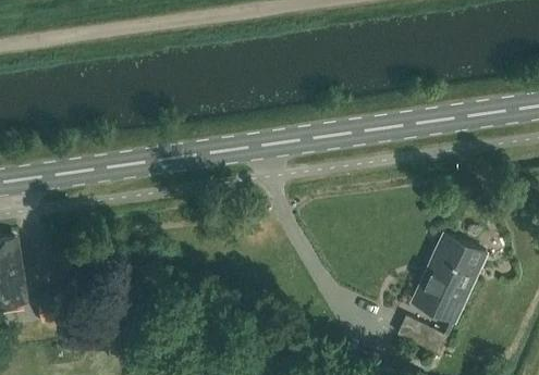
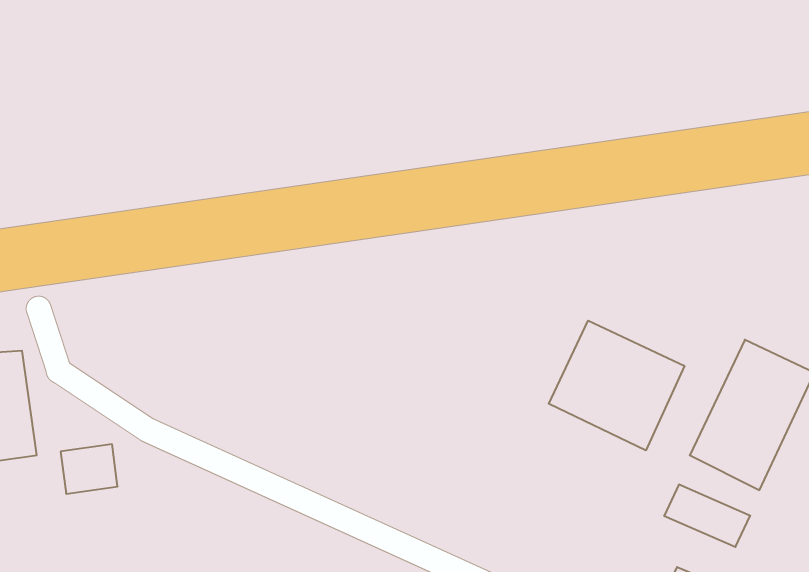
building: none -> [549,321,684,450]

